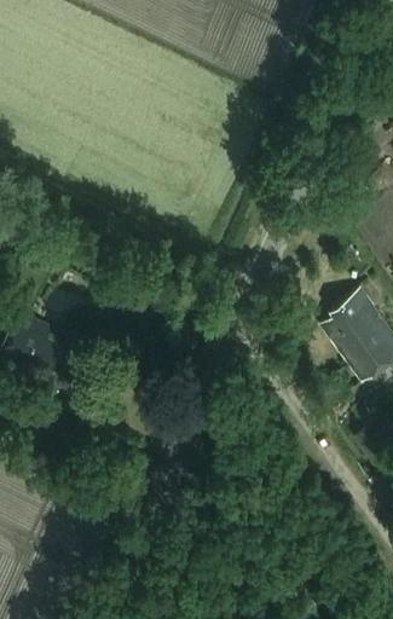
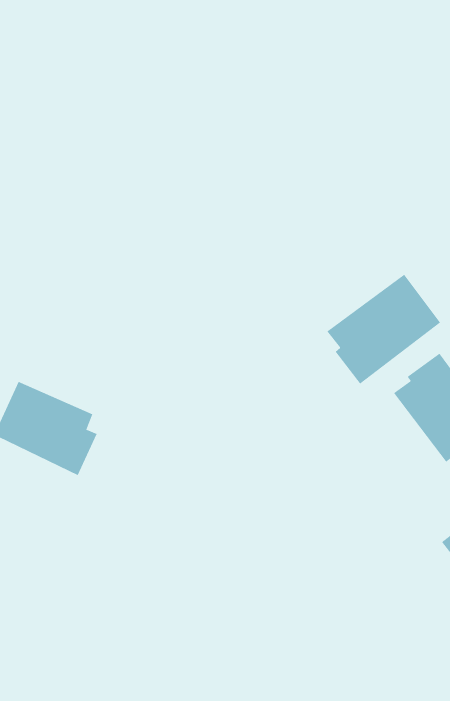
building: none -> [327,274,441,384]

